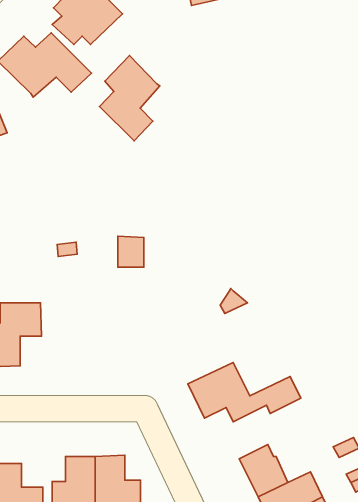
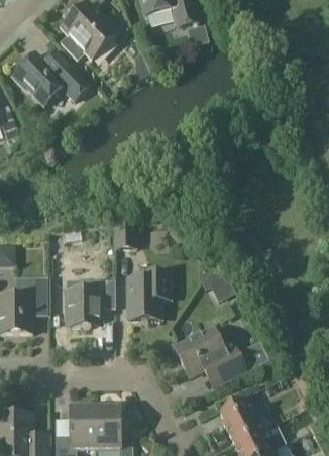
building: [100,55,160,141] -> none
building: none -> [67,271,115,327]
building: none -> [129,273,169,322]

